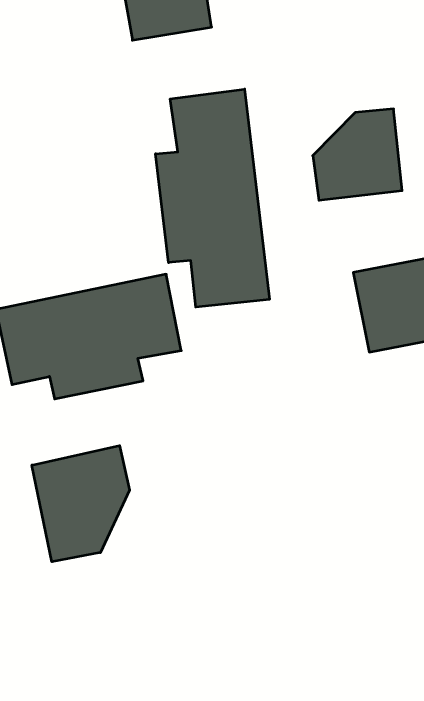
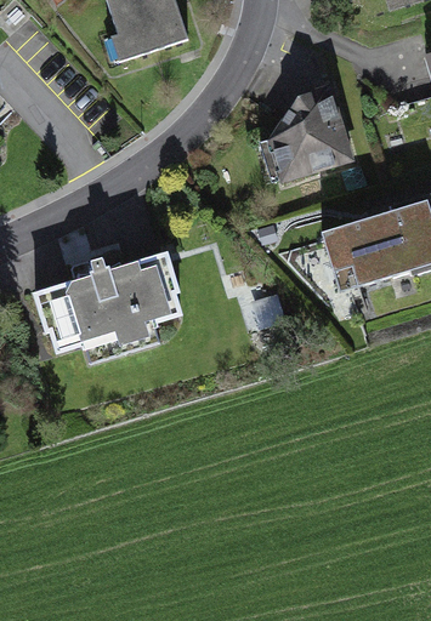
building: [156,89,269,307] -> none
building: [32,446,130,562] -> none

